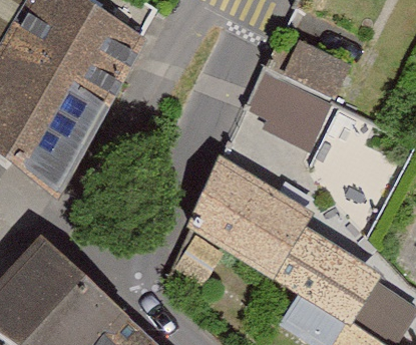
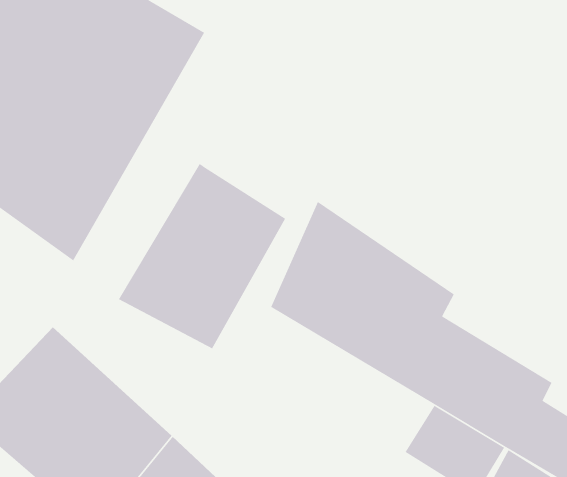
building: [236,28,348,147] -> none
building: none -> [118,163,286,349]

